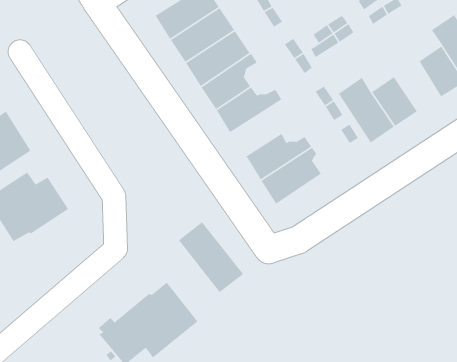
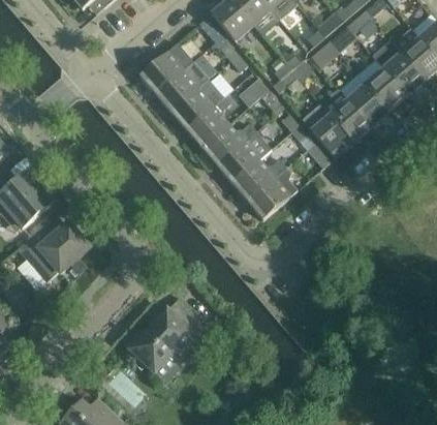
building: none -> [346,83,387,125]
building: none -> [215,130,271,182]
building: [178,221,244,293] -> none

